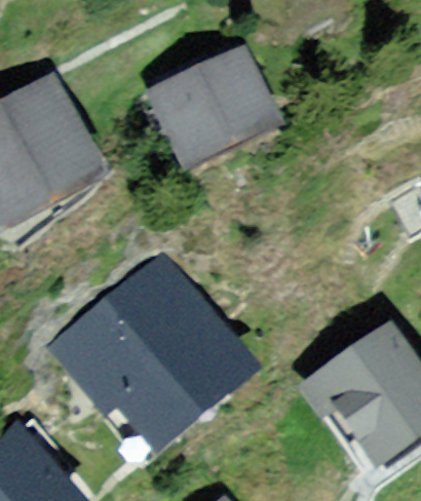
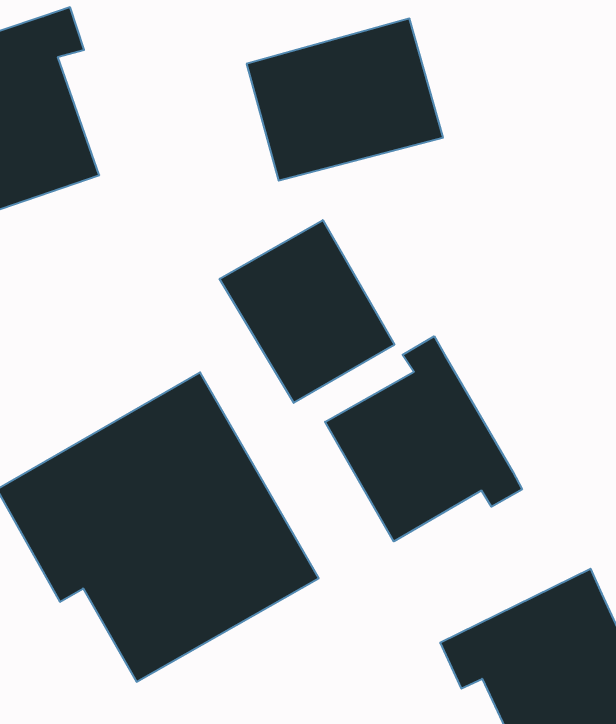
building: none -> [220,220,394,403]
building: none -> [325,336,522,541]

